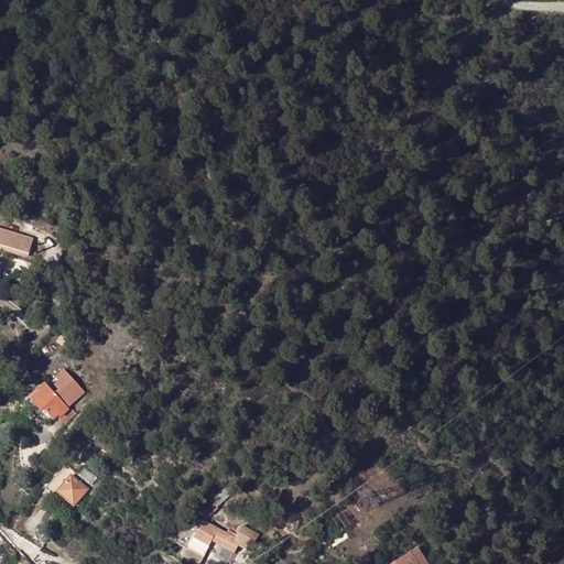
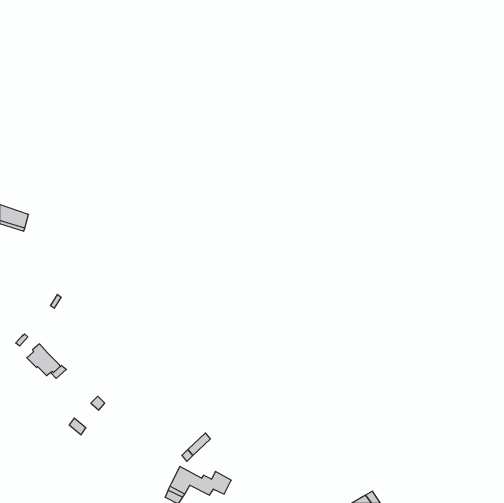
building: [53,367,85,406] -> none
building: [44,475,86,505] -> none

